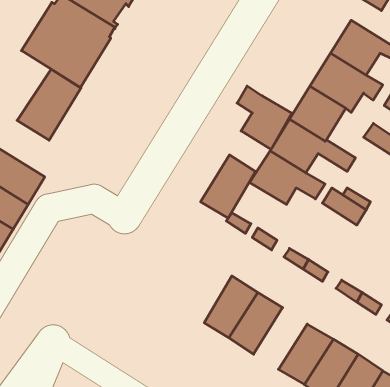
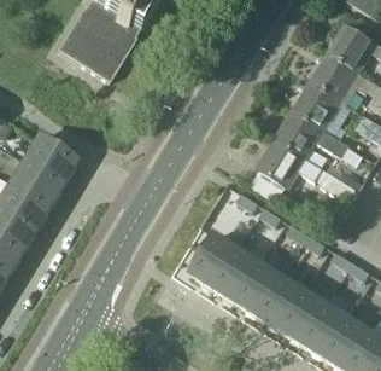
building: [17,69,81,140] -> none
building: [237,86,292,149] -> none
building: [201,155,255,218] -> [193,234,241,290]
building: none -> [260,277,307,331]

